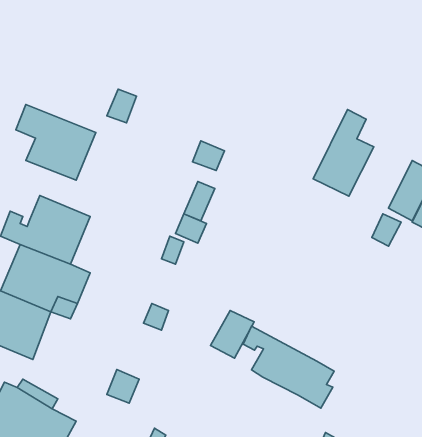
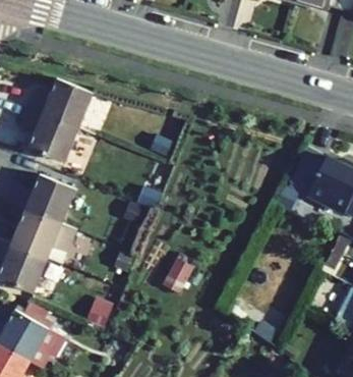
building: none -> [28,78,93,128]
building: [313,110,374,196] -> none
building: [243,326,334,408] -> none

